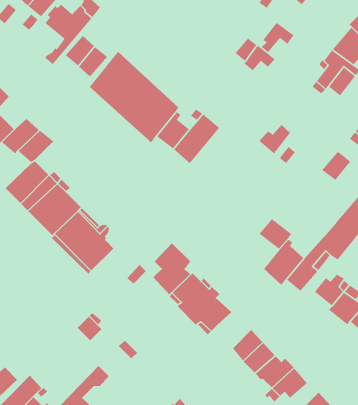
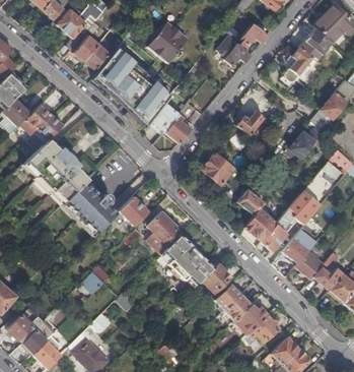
building: none -> [147,22,188,63]
building: none -> [202,152,241,186]
building: none -> [120,195,149,226]
building: none -> [202,263,230,293]

